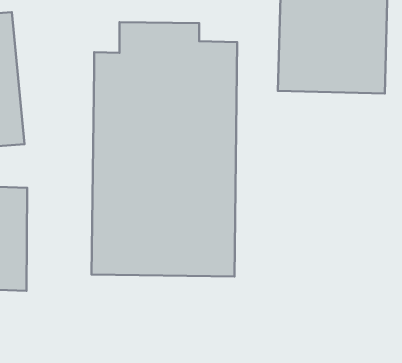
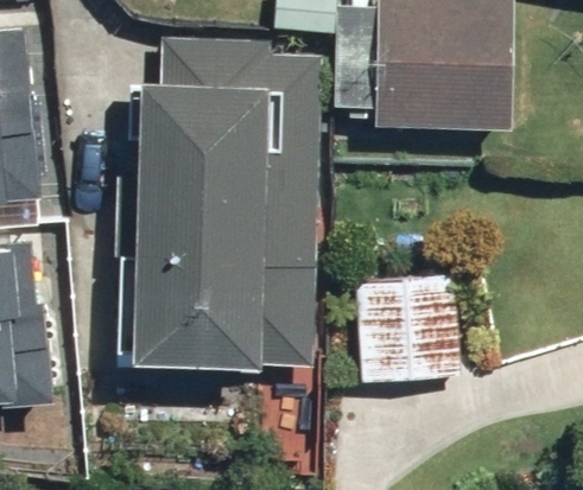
building: none -> [357,272,461,384]

